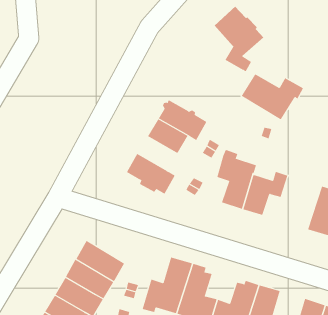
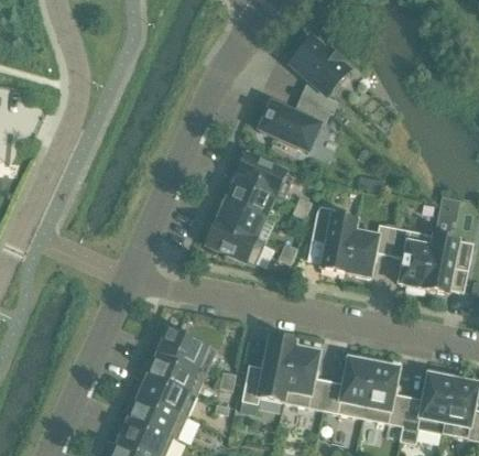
building: [241,73,304,120] -> [257,101,328,152]
building: none -> [216,200,263,238]
building: none -> [388,228,433,294]

